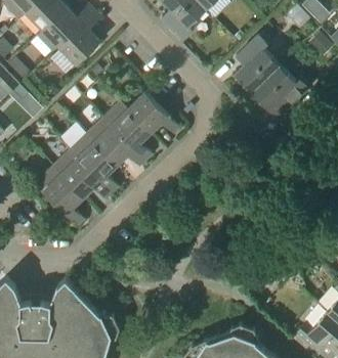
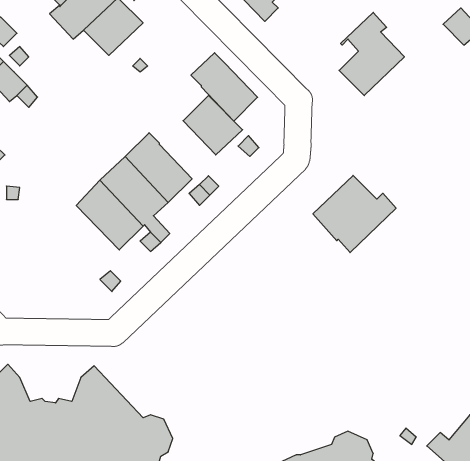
building: [253,64,310,118] -> [313,175,396,253]
building: [104,101,151,148] -> [191,53,258,121]
building: [37,167,84,214] -> none

